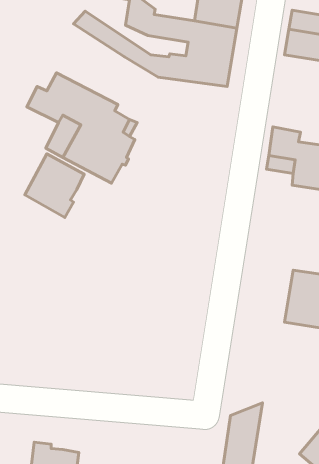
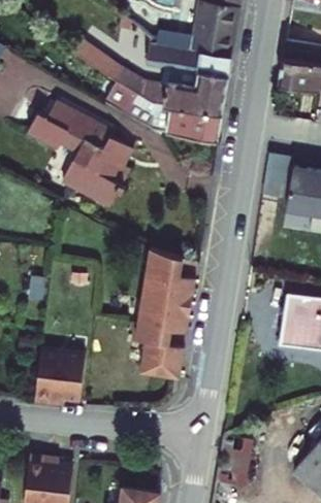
building: none -> [117,85,222,140]
building: [25,154,84,217] -> none
building: none -> [134,248,198,379]
building: none -> [33,351,84,405]

